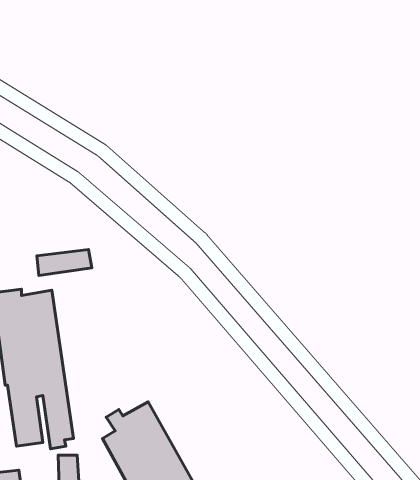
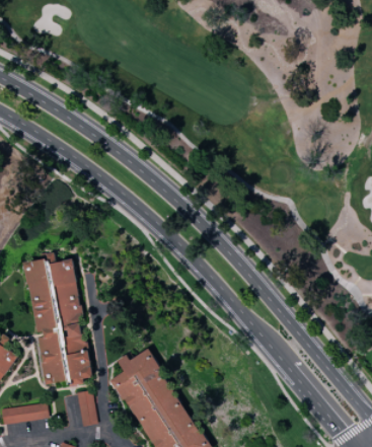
building: [37,250,92,275] -> none

